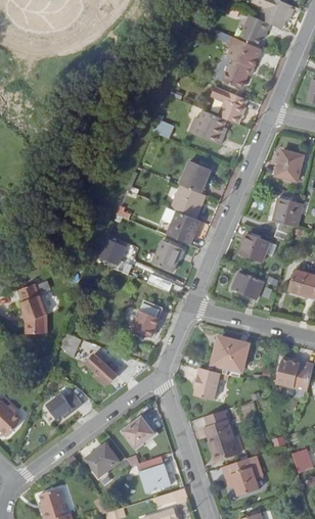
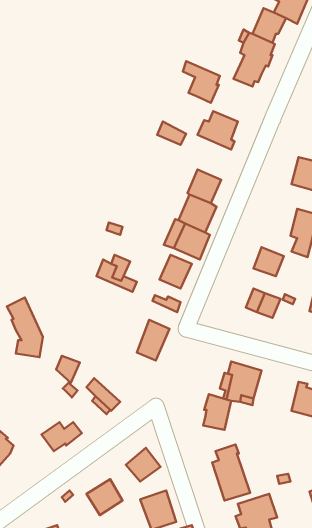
building: [214,86,248,124] -> [183,61,220,103]

